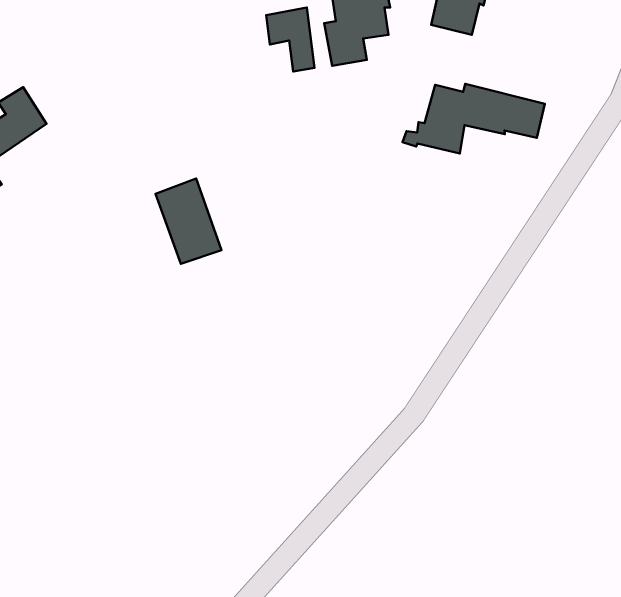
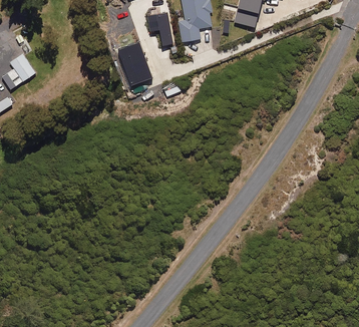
building: [403,84,545,154] -> none
building: [155,178,222,264] -> [118,41,152,85]

